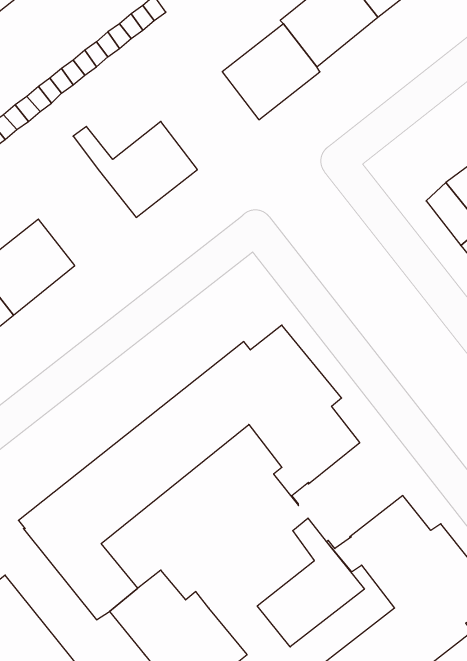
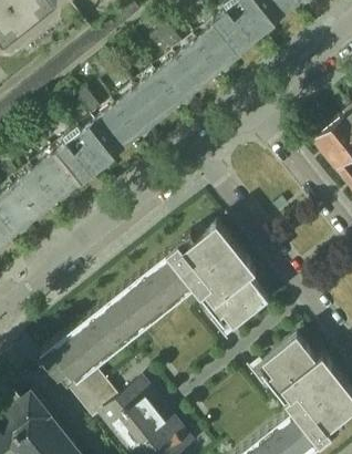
building: none -> [136,54,201,120]
building: none -> [54,121,120,184]
building: [257,518,364,647] -> none

